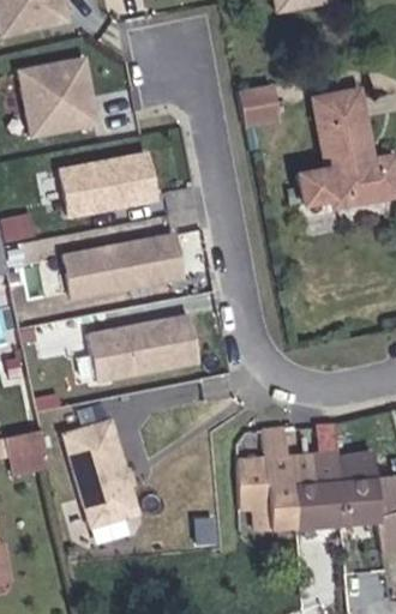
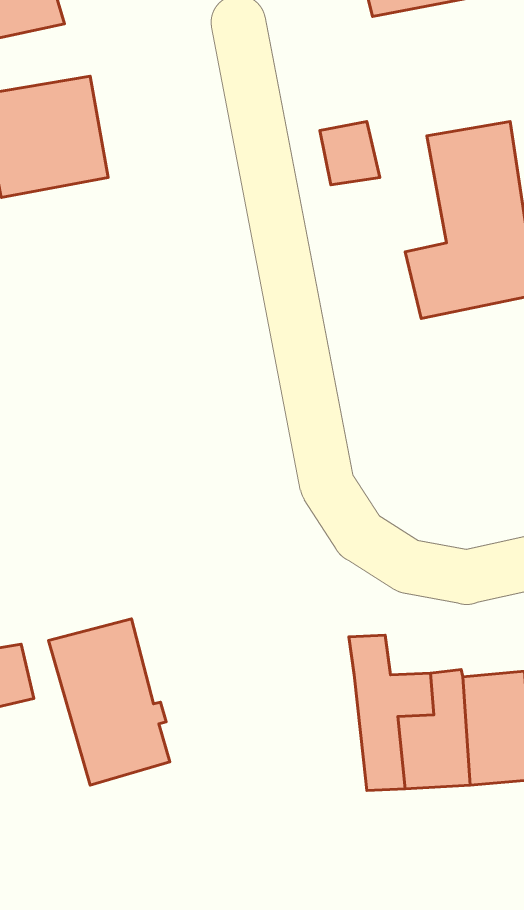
building: [56,148,161,217] -> none
building: [61,230,186,301] -> none
building: [83,315,194,381] -> none
building: [236,453,269,512] -> none

